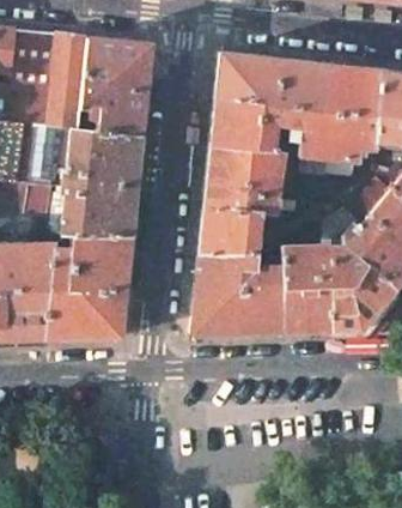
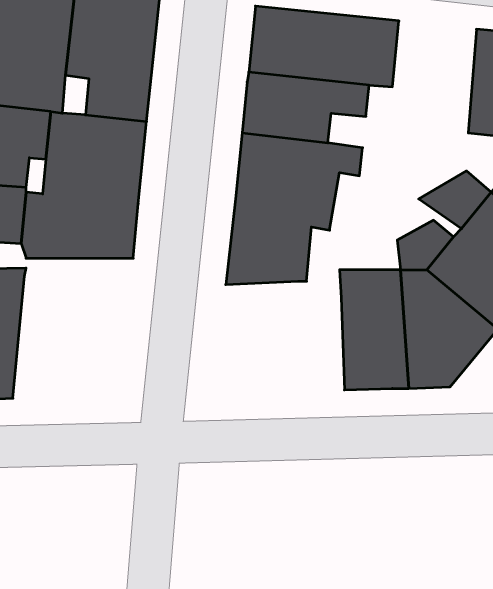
building: [298,65,380,163] -> none
building: [44,237,132,339] -> none
building: [190,254,285,335] -> none

